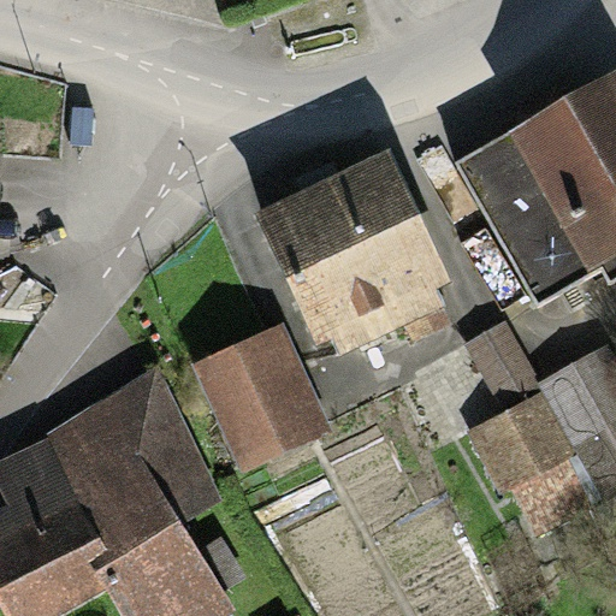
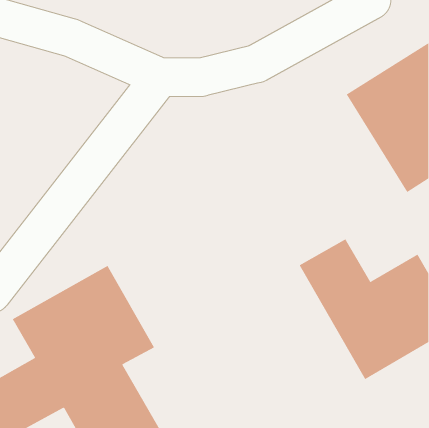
building: [282,143,461,337] -> none
building: [201,327,325,450] -> none

